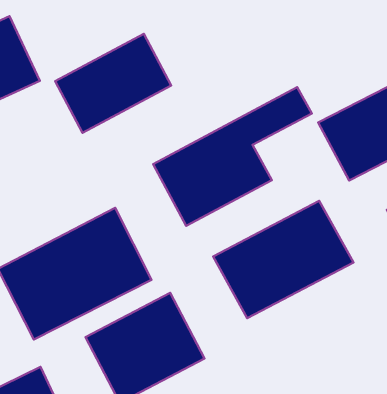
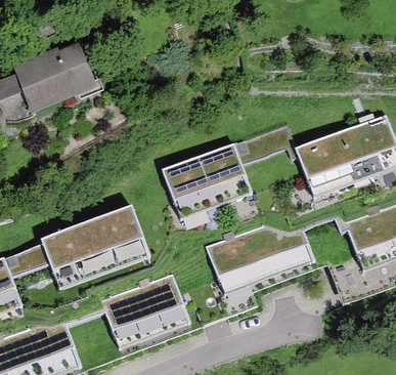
building: [55,34,171,133] -> none

